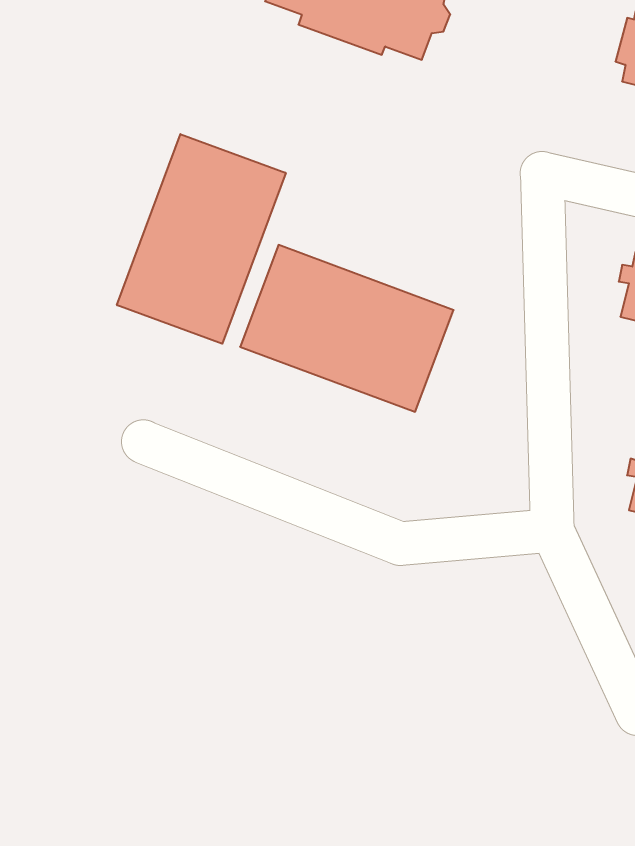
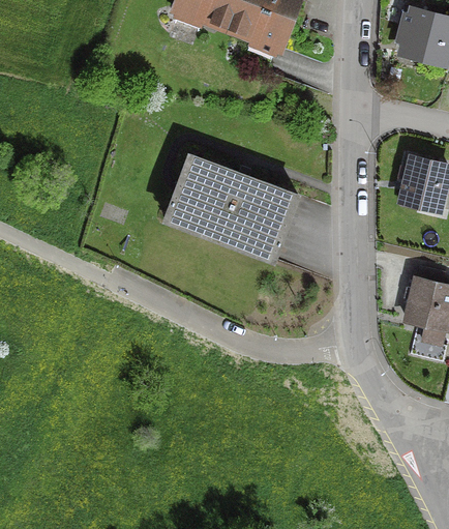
building: [117,134,286,344] -> none

